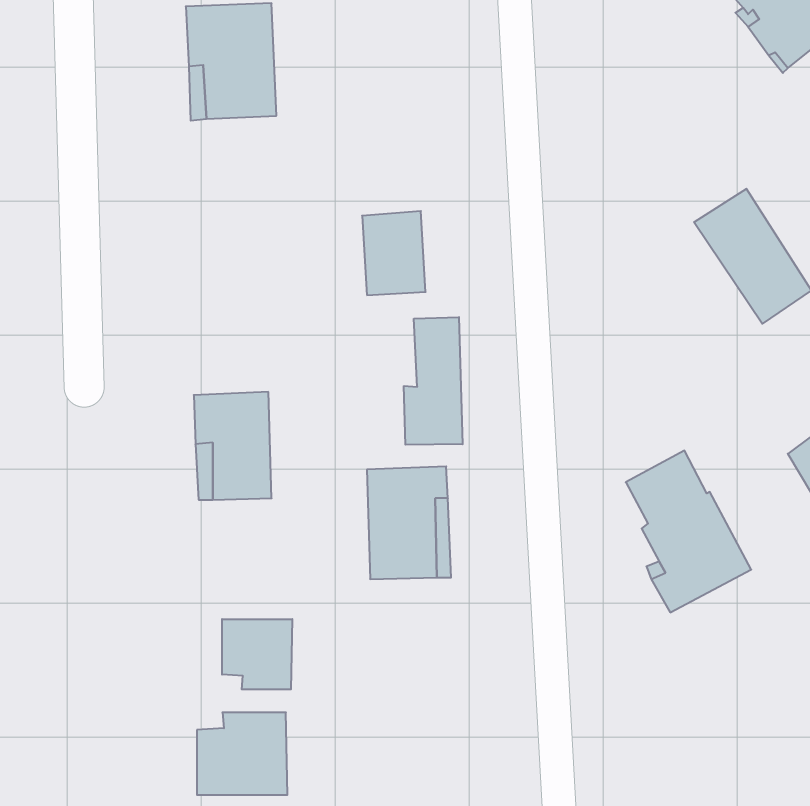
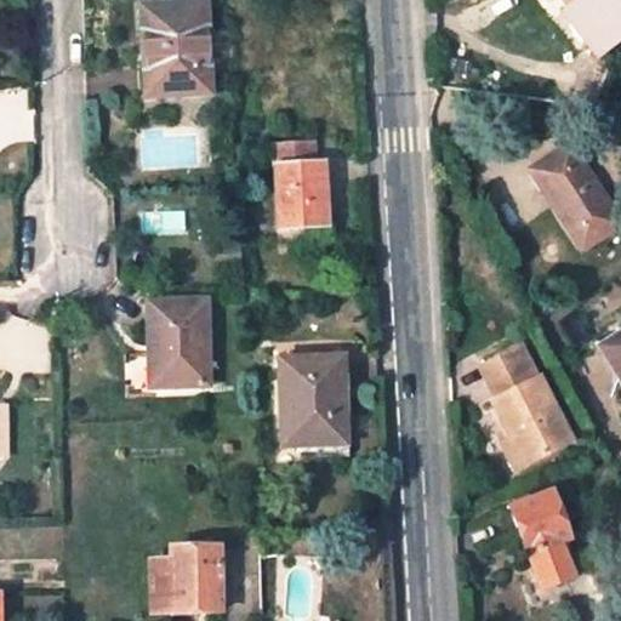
building: [404,317,463,445] -> none
building: [222,619,292,689] -> none
building: none -> [511,490,575,589]

